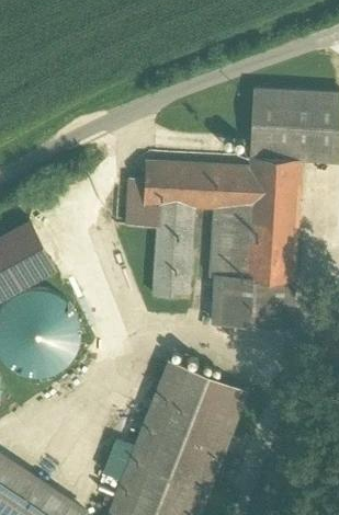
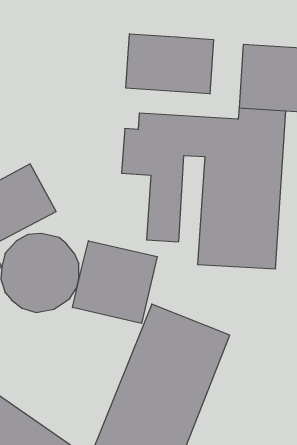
building: none -> [126,34,213,94]
building: none -> [73,241,157,323]

